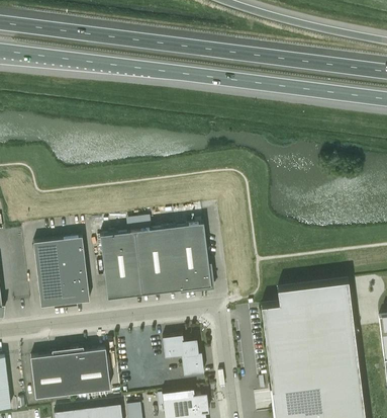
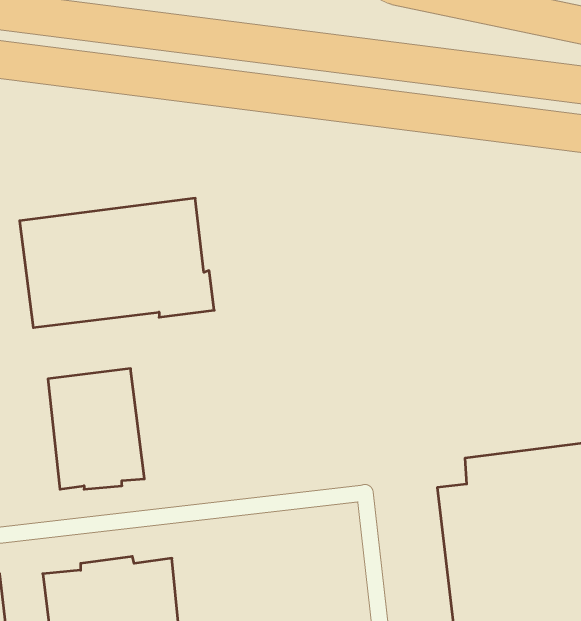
building: [100,223,214,299] -> [20,198,214,328]
building: [163,336,204,375] -> none

